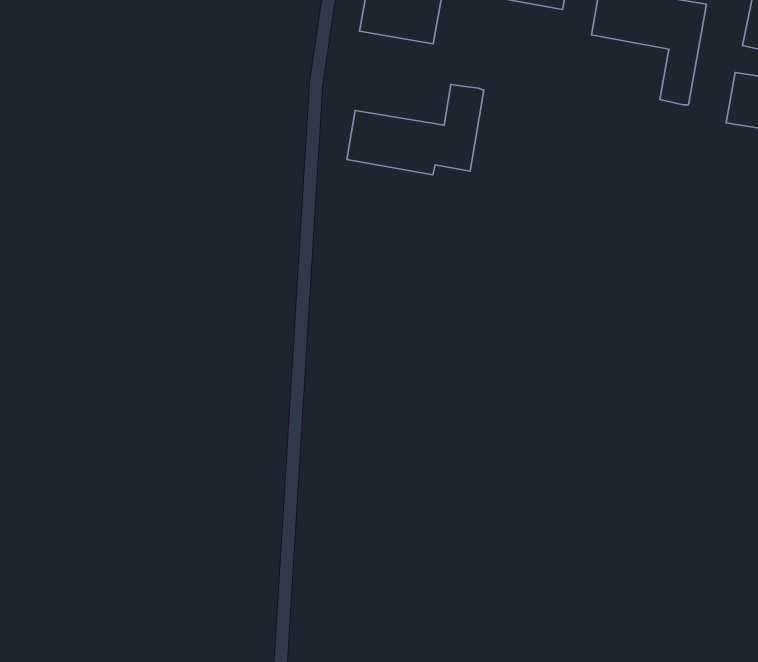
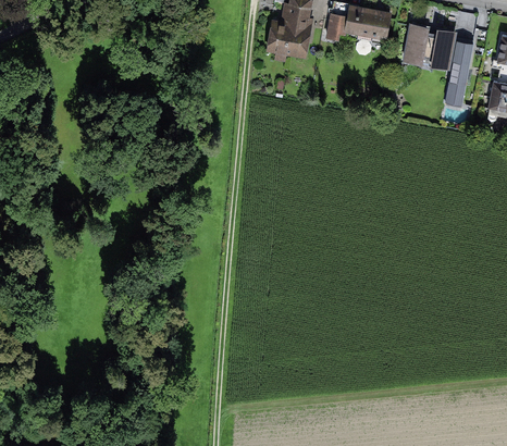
building: [347,85,484,175] -> none

